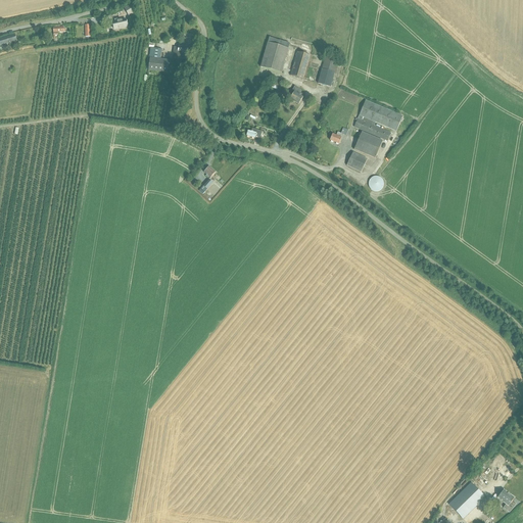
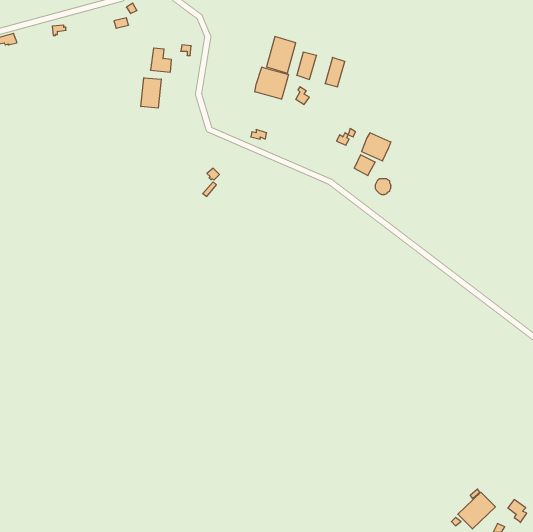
building: none -> [255,67,288,99]
building: none -> [141,78,161,108]
building: [353,99,401,139] -> none

